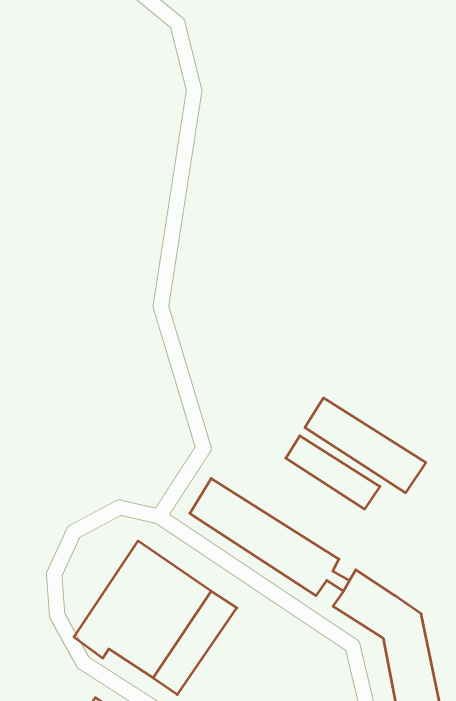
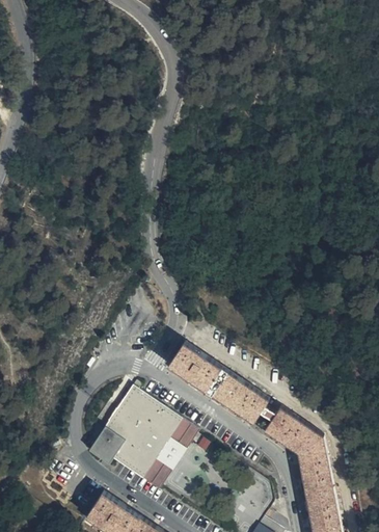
building: [305,398,426,493] -> none
building: [286,436,380,509] -> none

